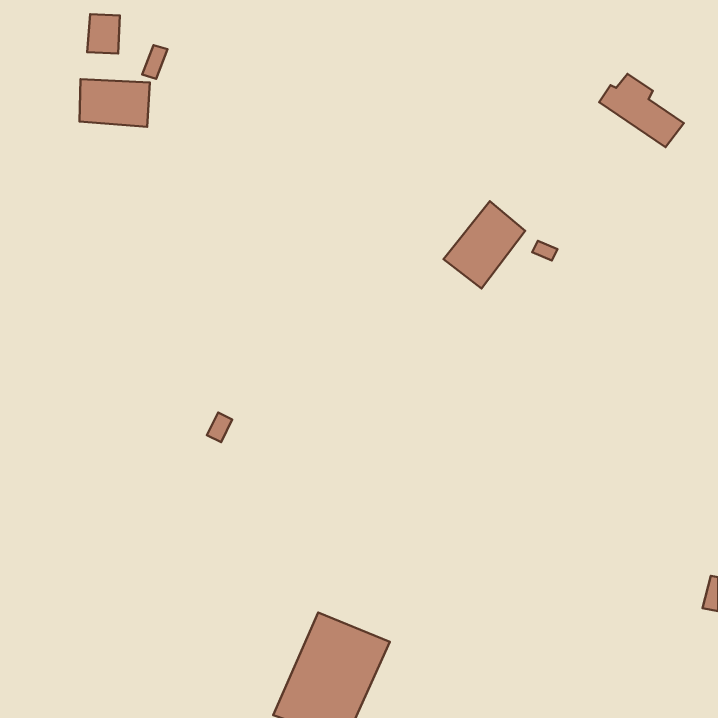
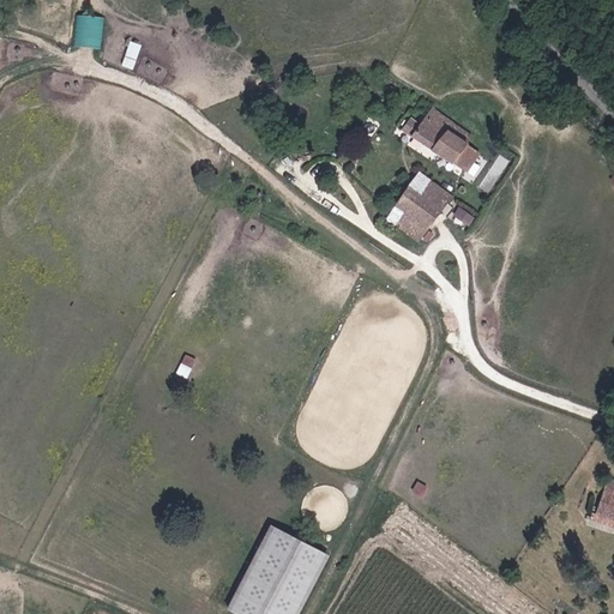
building: [599,74,684,147] -> [404,108,476,170]
building: [80,79,150,127] -> none

